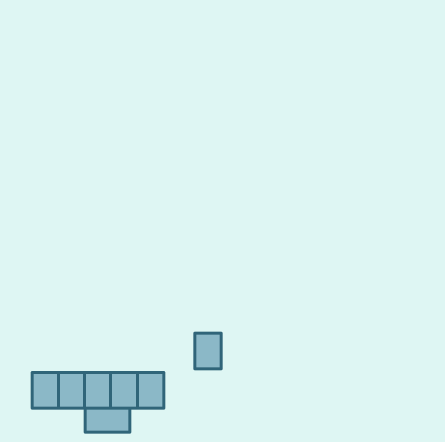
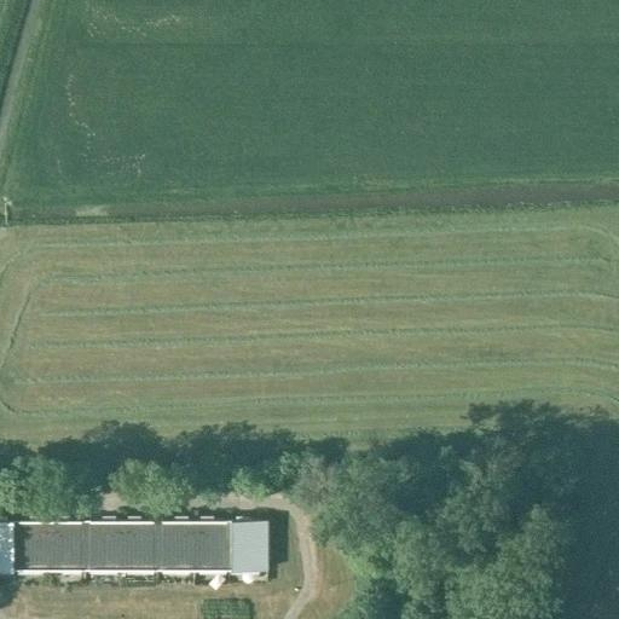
building: [195,333,221,369] -> [227,521,264,571]
building: none -> [8,521,45,571]
building: [85,408,130,432] -> none

